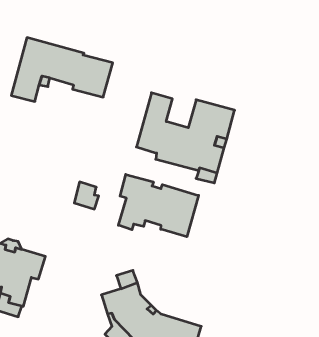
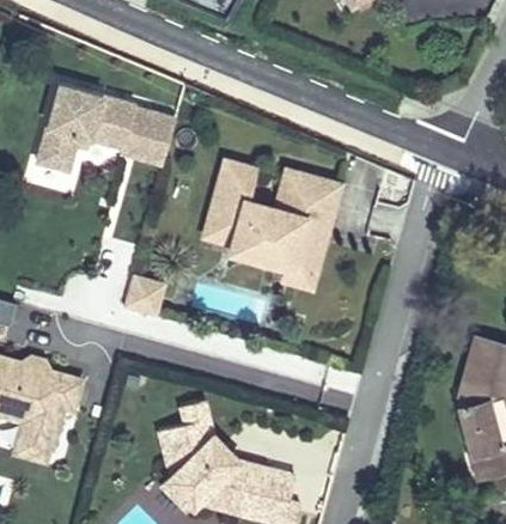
building: [118,174,199,237] -> none

